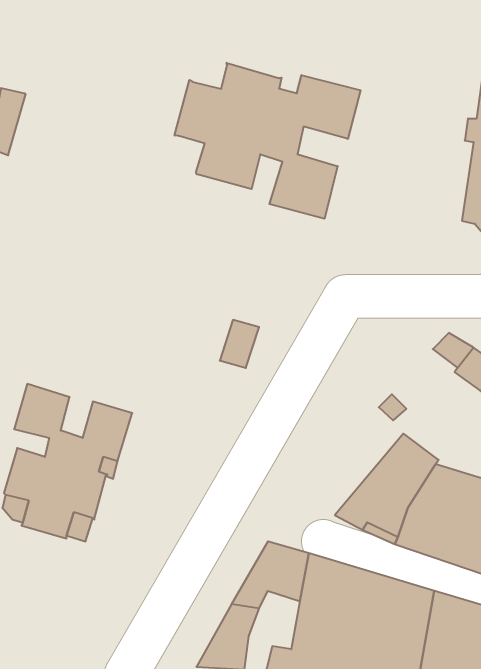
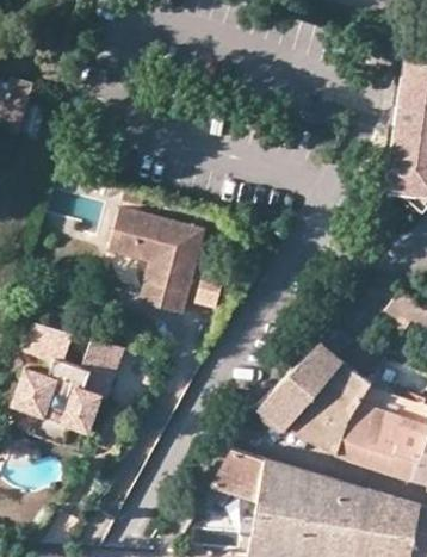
building: [175,63,361,219] -> none
building: none -> [109,205,204,308]
building: none -> [256,342,342,428]

